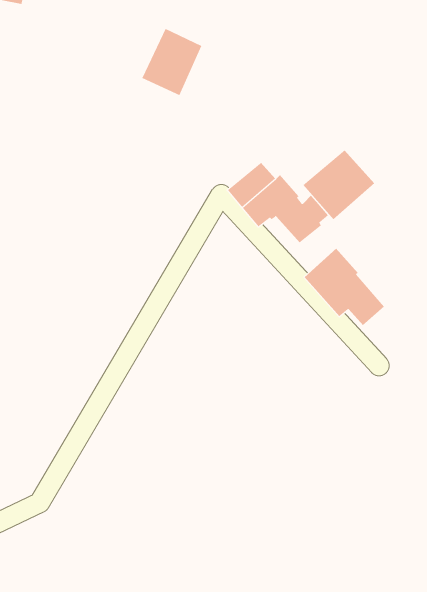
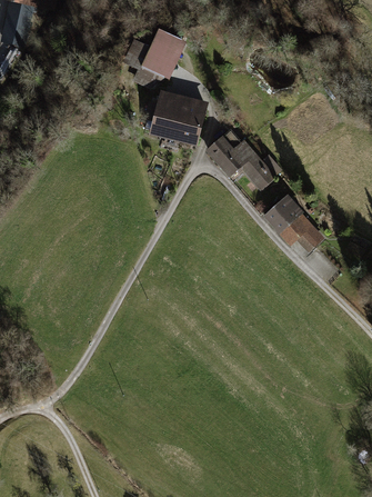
building: none -> [147,89,207,146]
building: [303,149,375,220] -> none

